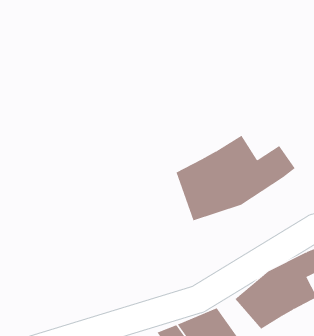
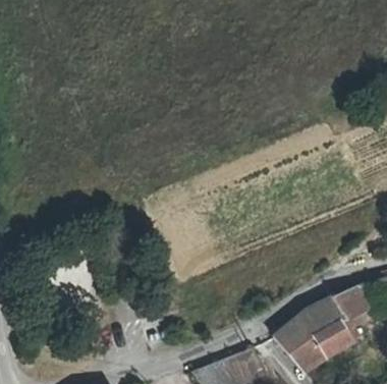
building: [176,135,296,221] -> none

